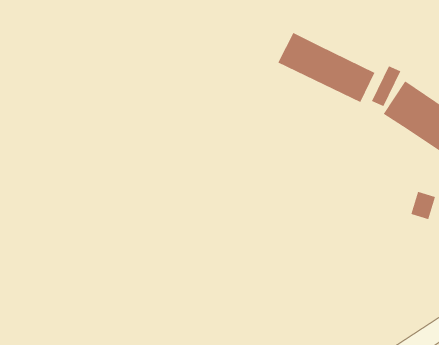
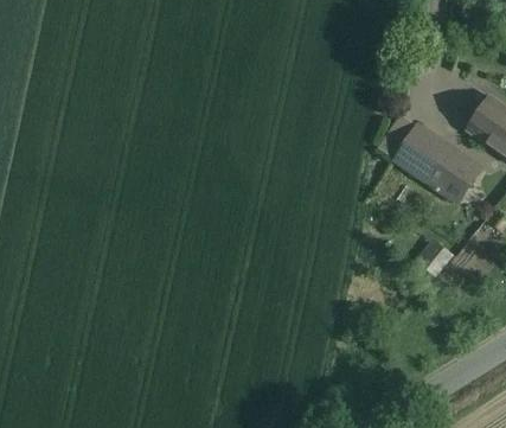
building: [278,32,375,103] -> none

